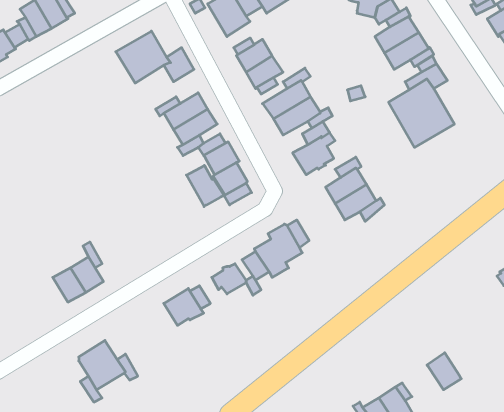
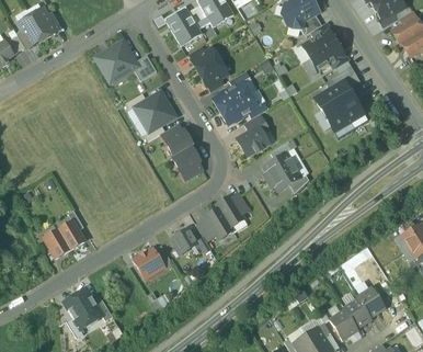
building: [186,165,224,207] -> none
building: none -> [356,286,385,316]
building: none -> [329,308,357,339]

